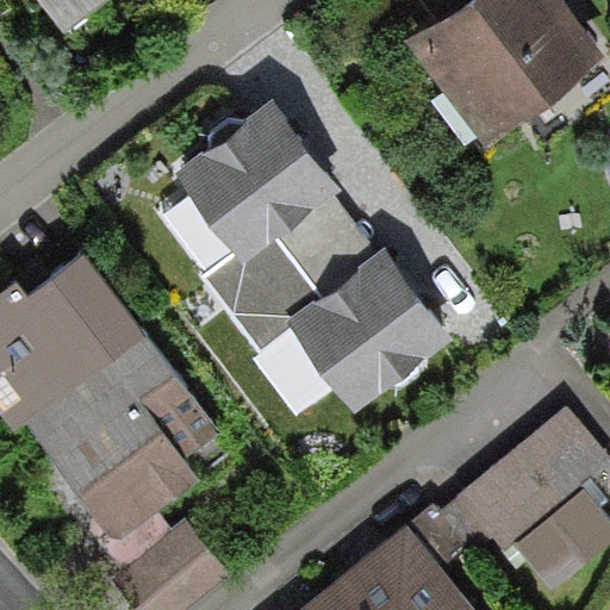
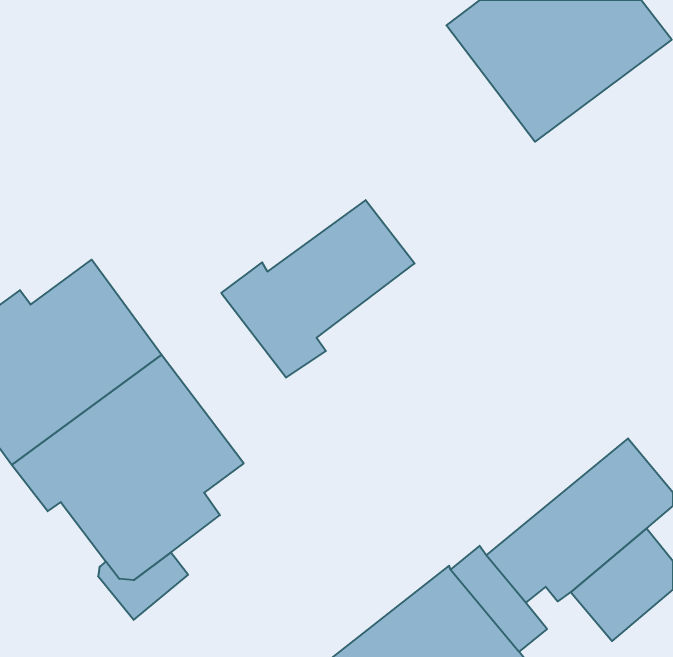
building: [173,97,340,262] -> none
building: [285,248,452,412] -> none

